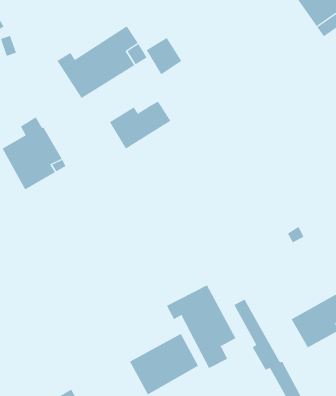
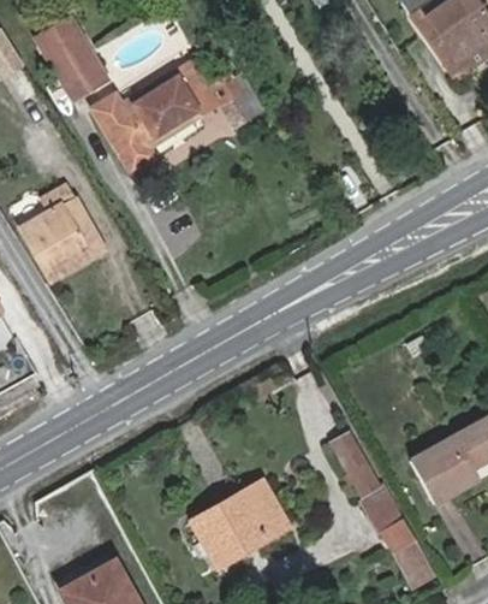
building: none -> [47,36,108,102]
building: [109,101,171,149] -> none
building: [166,284,236,369] -> none

